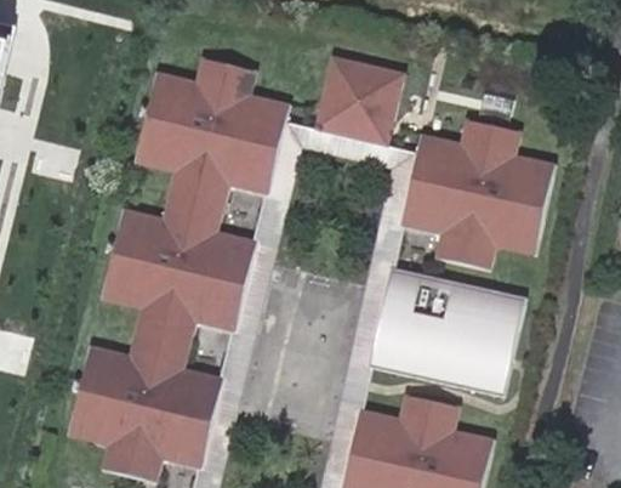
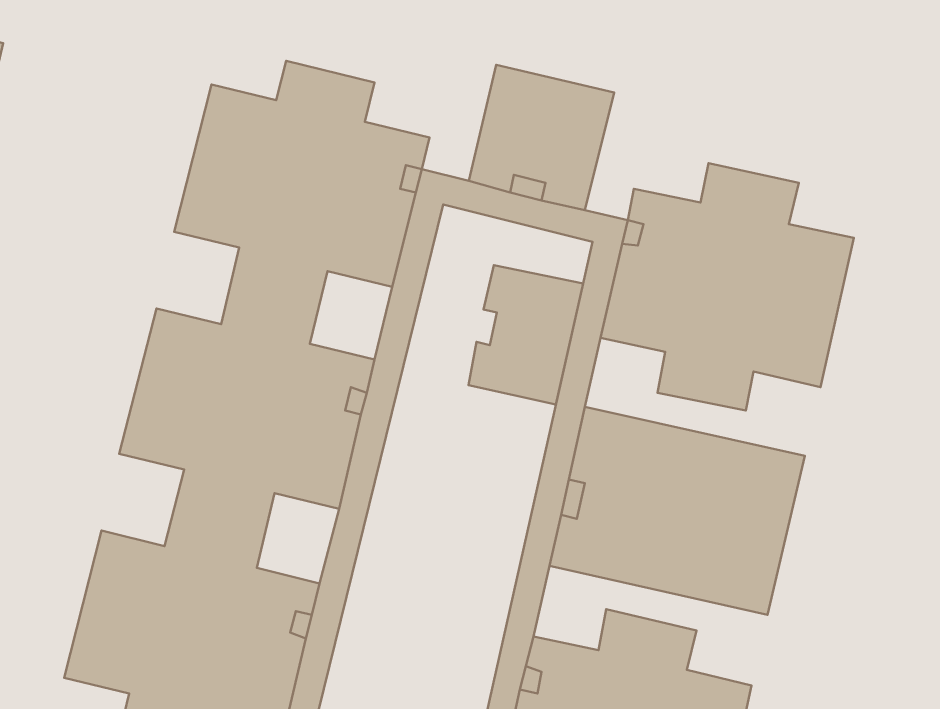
building: none -> [468,265,583,405]

